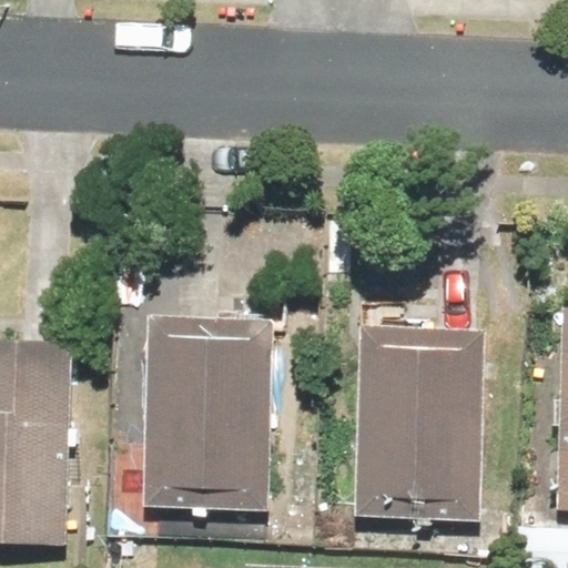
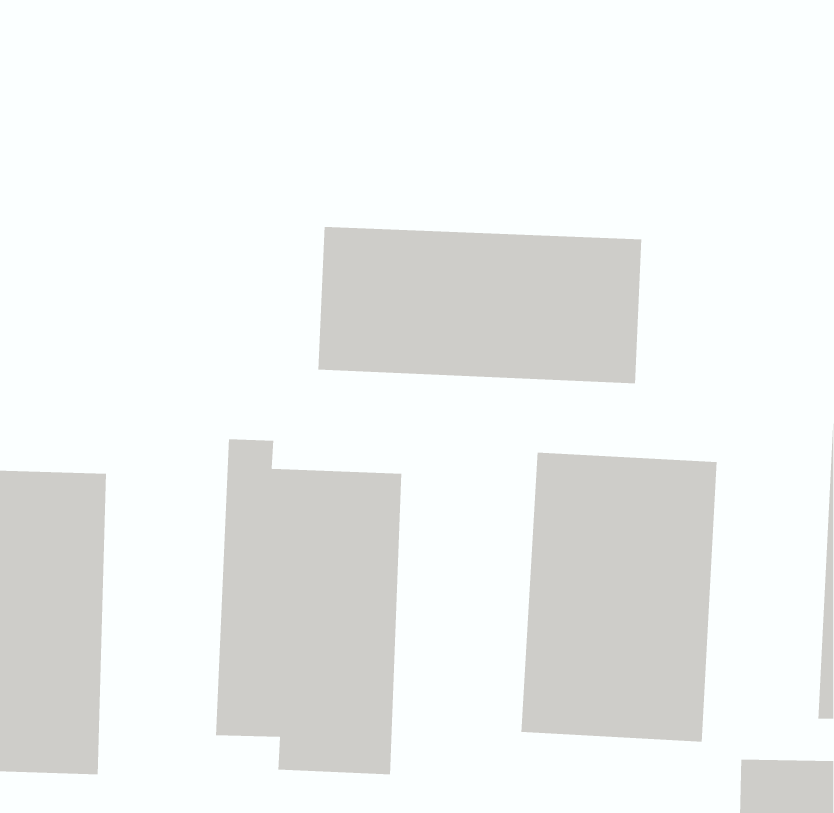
building: none -> [318,226,642,384]

